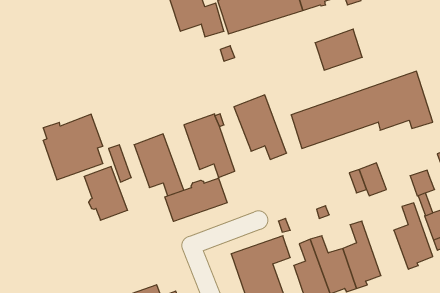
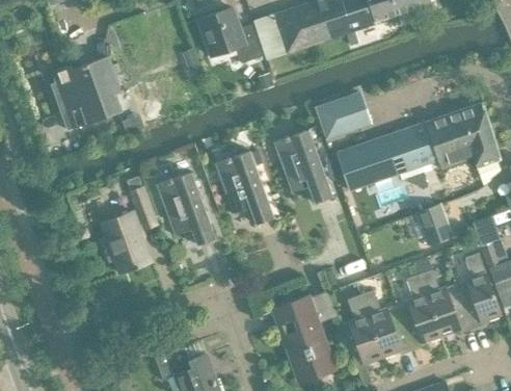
building: [315,29,362,70] -> [316,92,370,138]
building: [43,114,103,180] -> [53,55,122,130]
building: [165,178,227,221] -> none
building: none -> [420,268,473,336]

